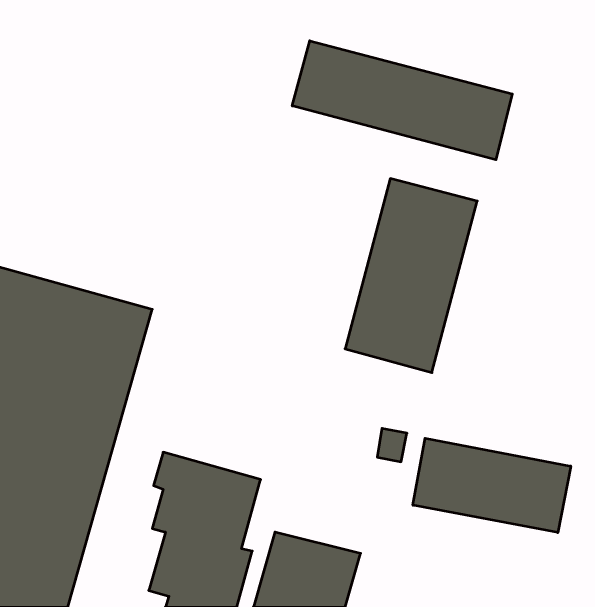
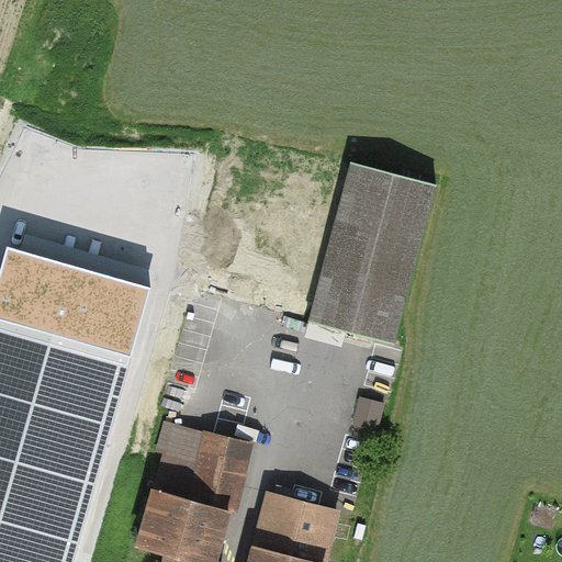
building: [292,41,512,160] -> none
building: [413,438,571,533] -> none

